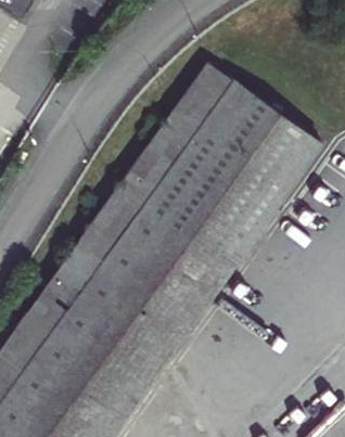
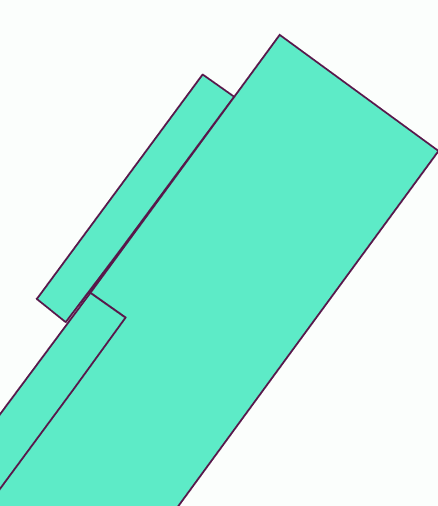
building: none -> [37,75,234,322]

